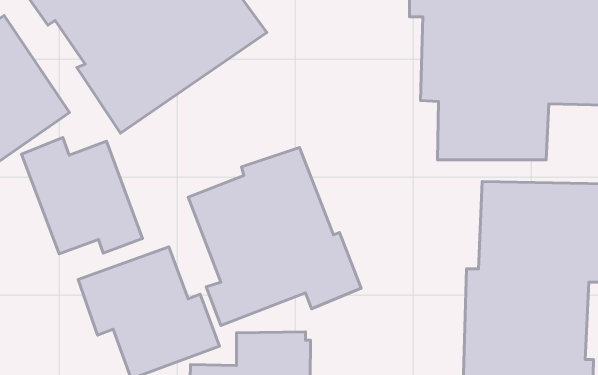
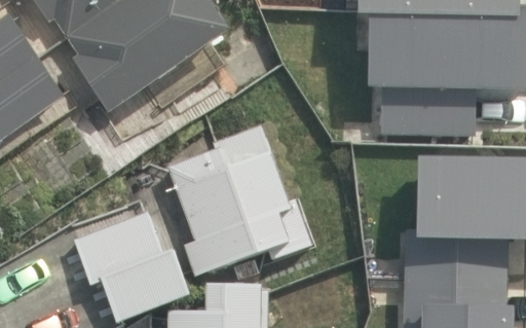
building: [22,138,142,254] -> none

